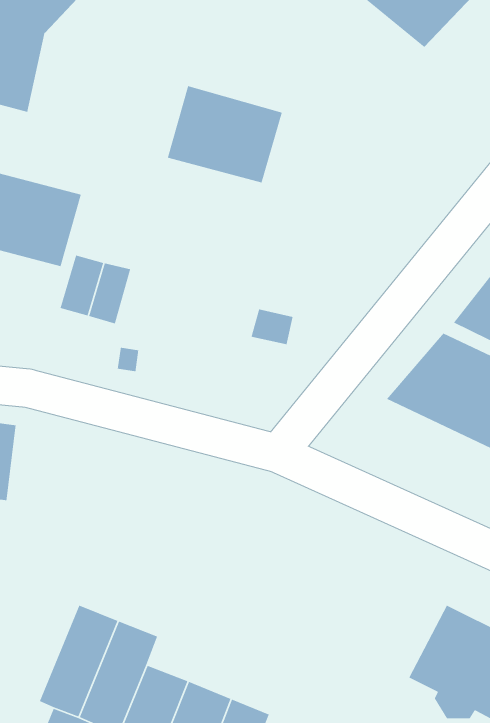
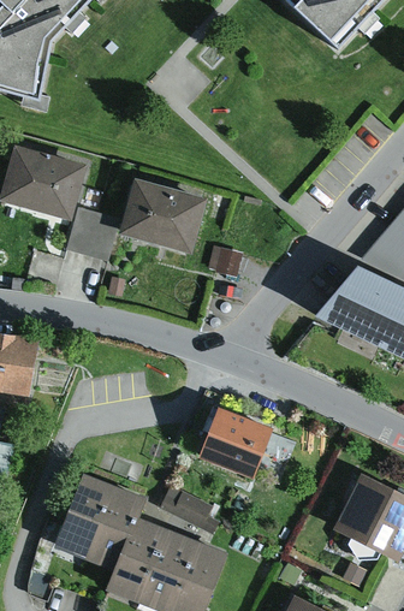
building: [167,85,283,184] -> [121,178,209,253]
building: none -> [196,404,273,476]
building: none -> [160,482,220,533]

